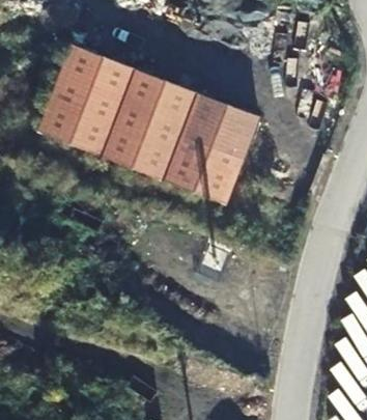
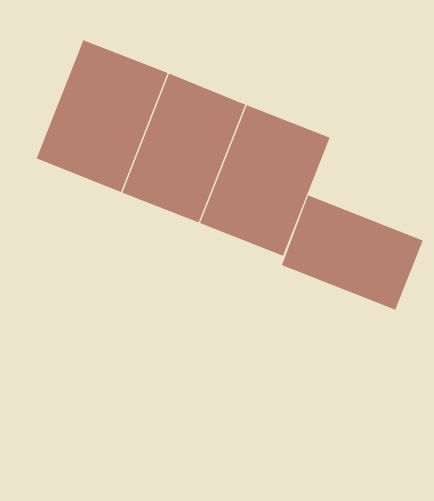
building: none -> [281,194,423,310]

